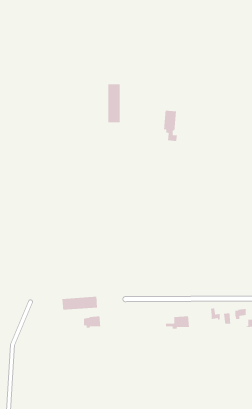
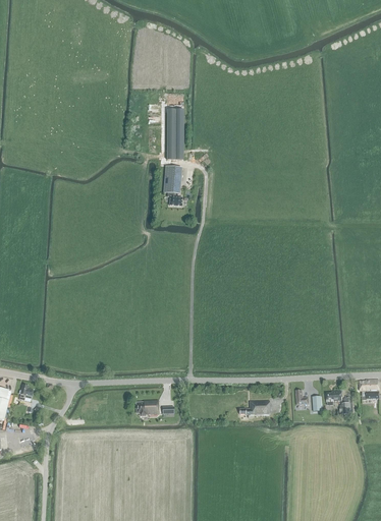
building: [163,110,178,142] -> [164,166,182,206]
building: [62,296,98,311] -> none

